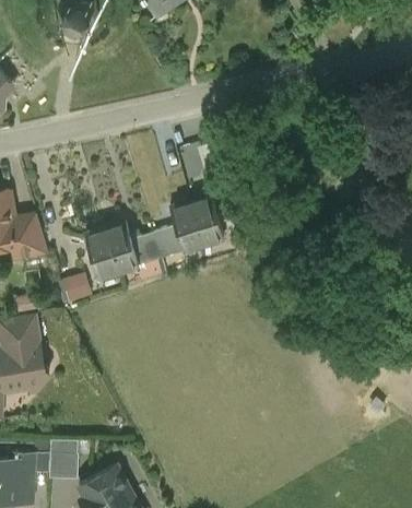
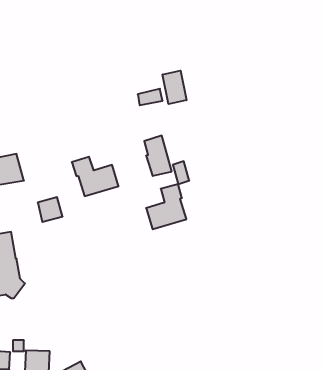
building: none -> [163,71,186,104]
building: [153,204,201,258] -> [146,184,186,229]
building: [85,229,120,276] -> none

